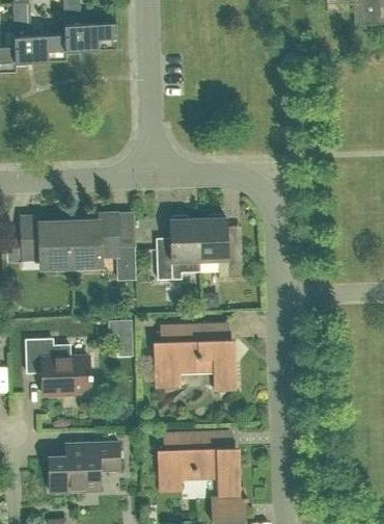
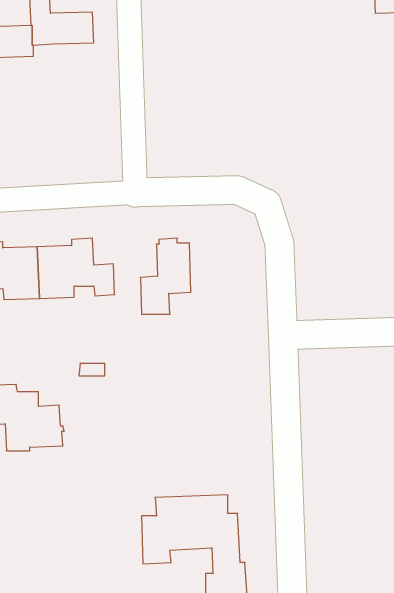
building: [197,214,242,278] -> none
building: [153,324,236,391] -> none
building: [48,443,119,493] -> none

